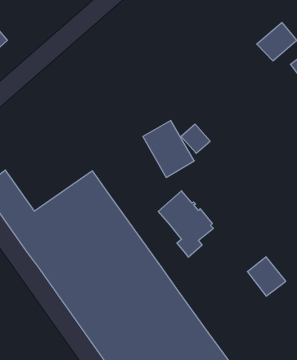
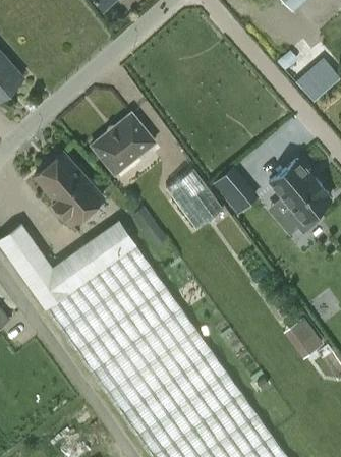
building: none -> [92,116,155,176]
building: none -> [35,153,103,227]
building: [158,191,213,257] -> [271,160,331,232]

